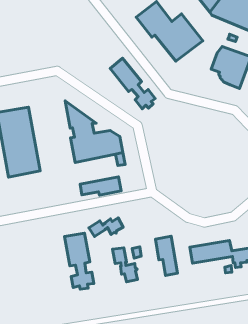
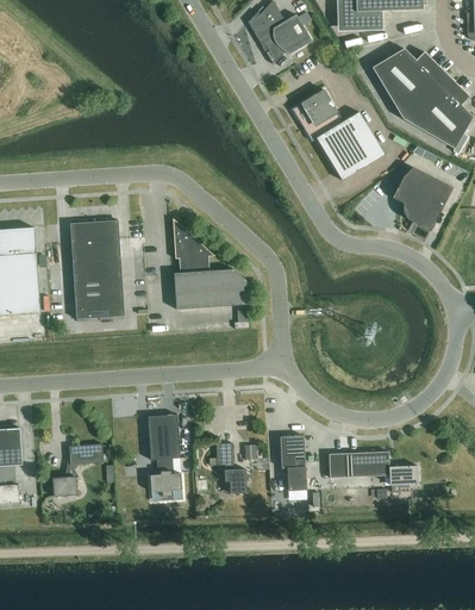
building: [110,58,155,109] -> none
building: [80,177,121,195] -> none
building: [89,218,123,236] -> none
building: none -> [52,443,104,496]

